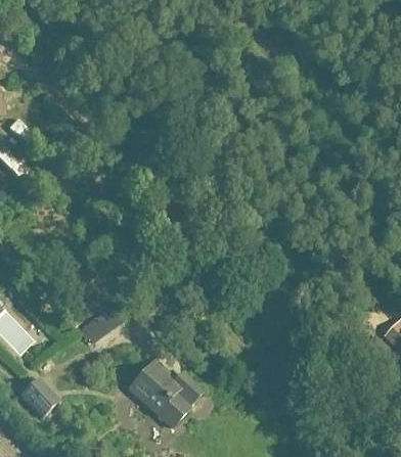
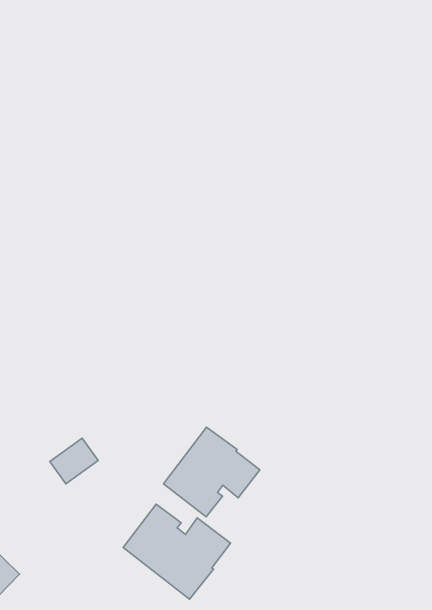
building: none -> [163,427,260,517]

